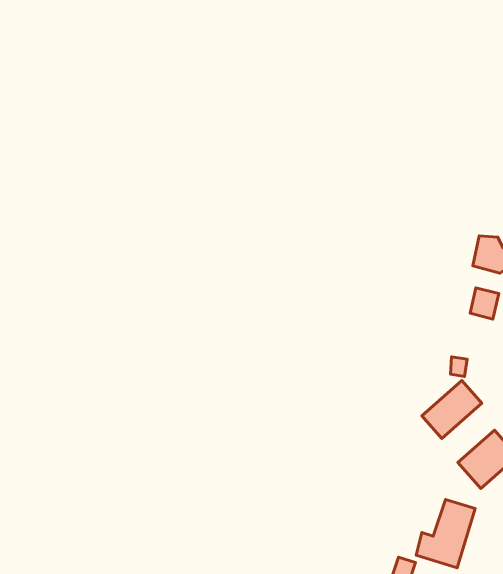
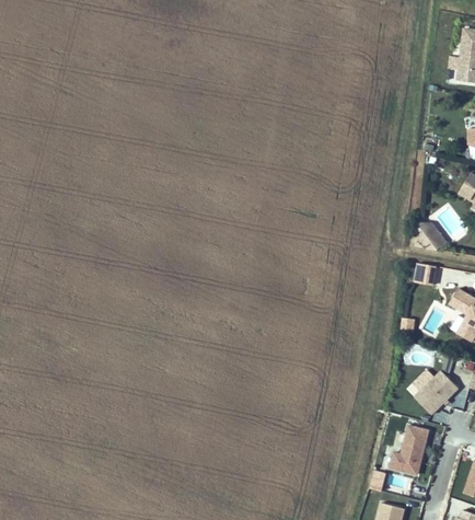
building: [422,381,482,438] -> none

